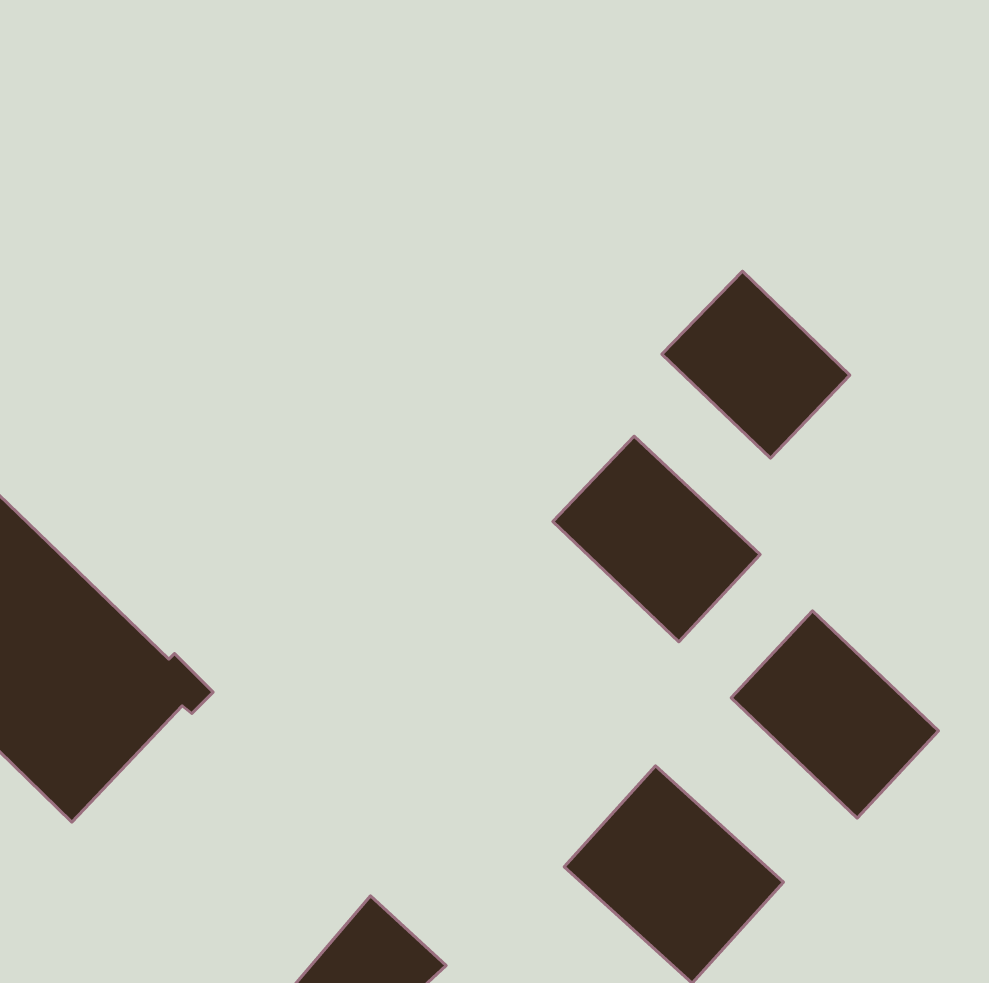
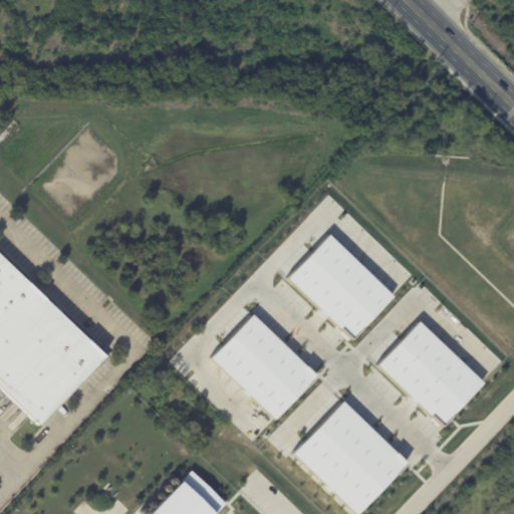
building: [662,271,850,458] -> none
building: none -> [213,312,320,419]

